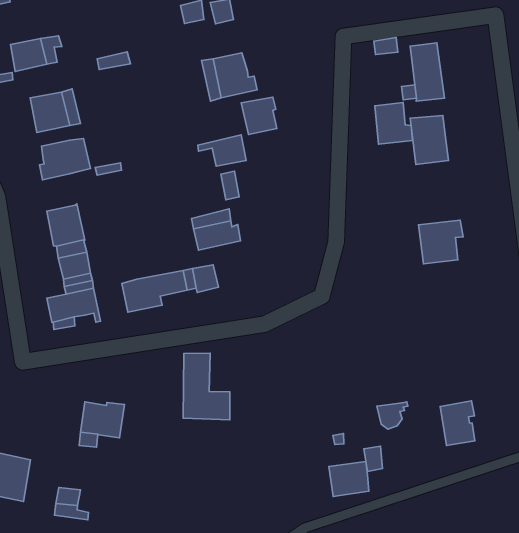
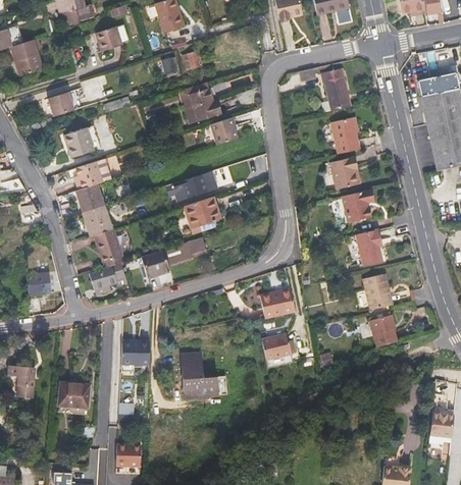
building: [375,103,413,144] -> [330,158,359,188]
building: [198,135,246,166] -> [171,174,206,198]
building: none -> [75,184,102,212]
building: none -> [354,228,381,266]
building: none -> [362,273,391,310]
building: none -> [260,287,295,317]
building: [183,353,230,420] -> [182,353,218,399]
building: [329,461,369,496] -> [261,332,291,359]

